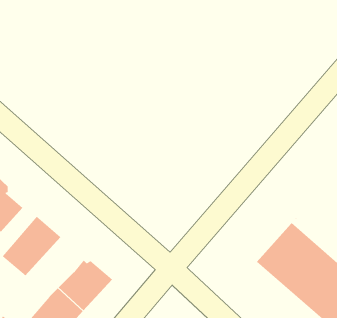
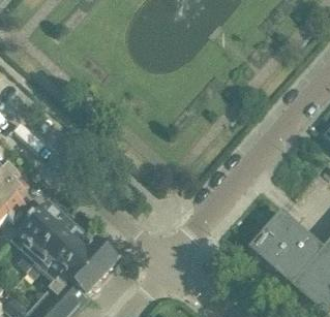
building: none -> [26,223,90,278]

